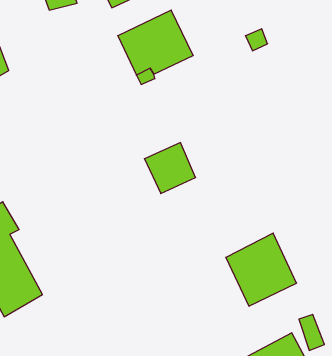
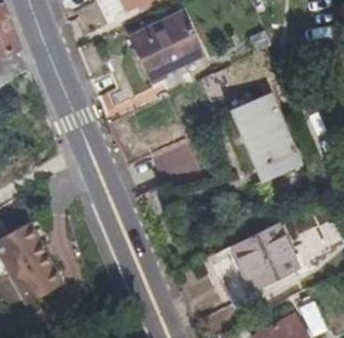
building: none -> [229,92,303,181]

